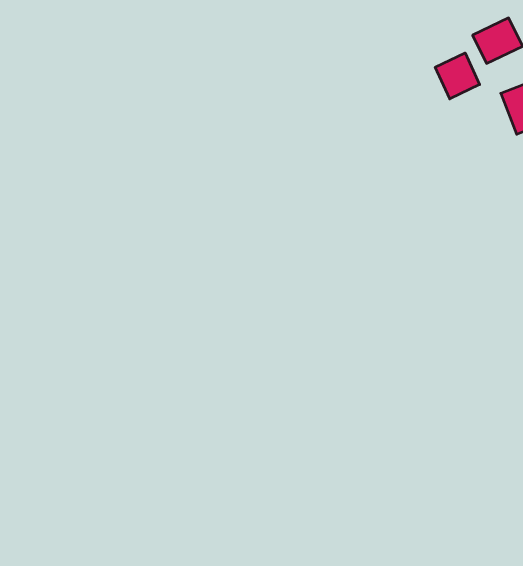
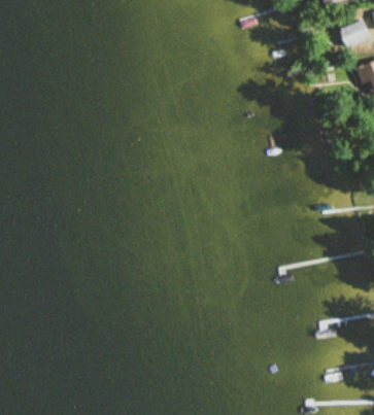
building: [435,53,480,99] -> none

